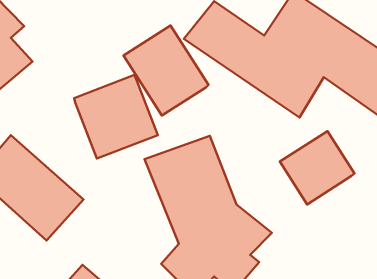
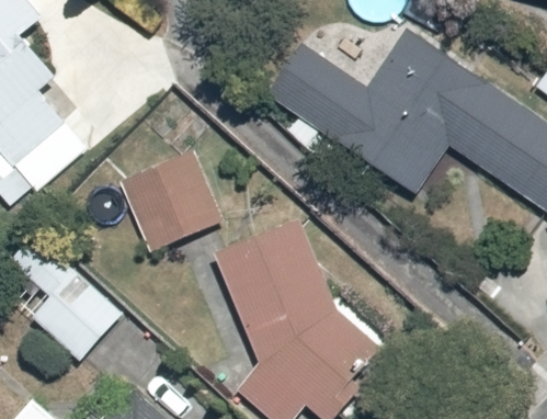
building: [123,26,209,116] -> none
building: [280,131,354,204] -> none

